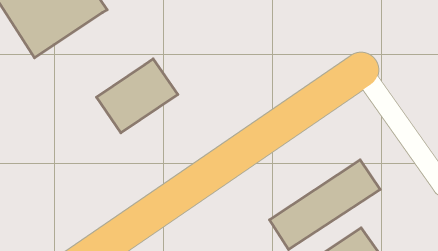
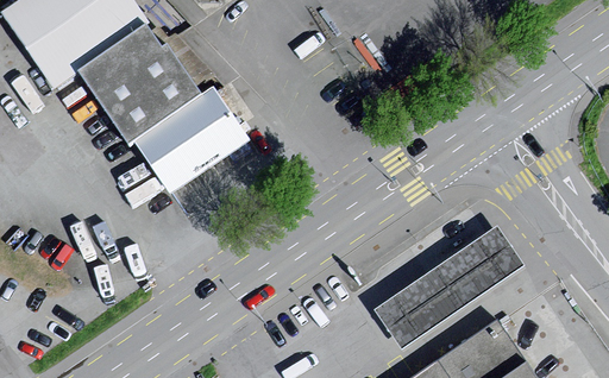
building: none -> [79,26,202,145]

